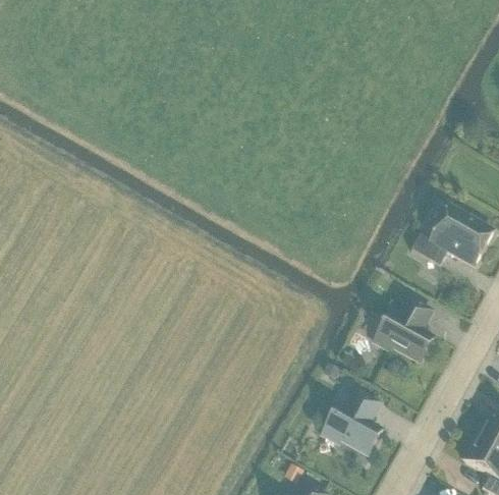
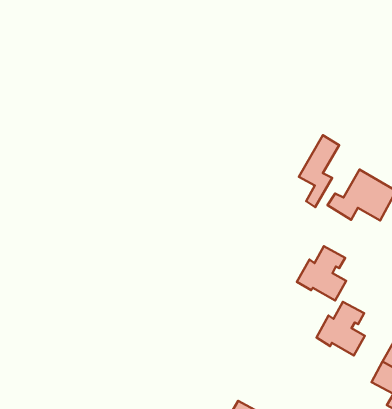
building: none -> [299,135,339,207]
building: [323,389,381,453] -> [317,302,365,356]

